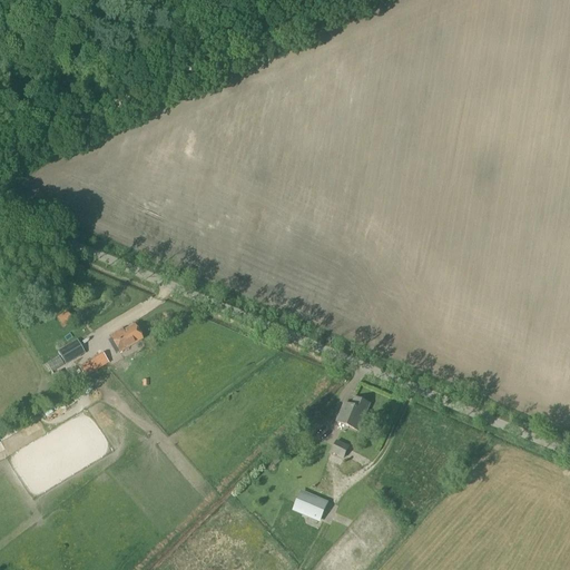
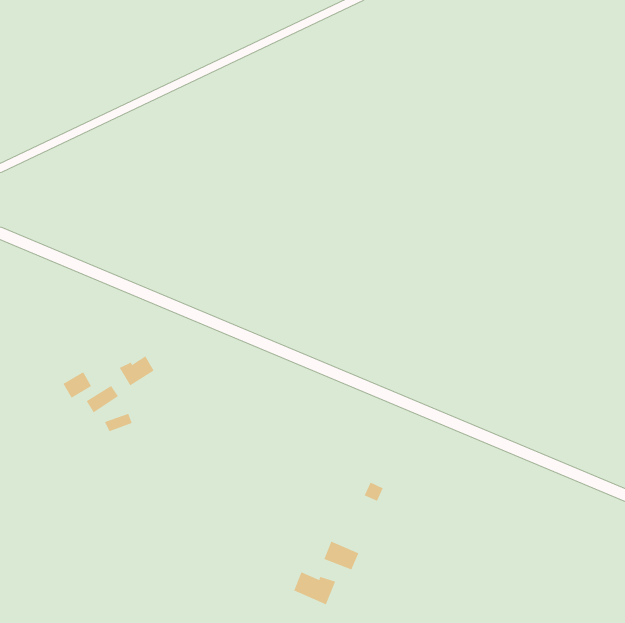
building: [338,395,370,428] -> none
building: none -> [294,571,336,605]

